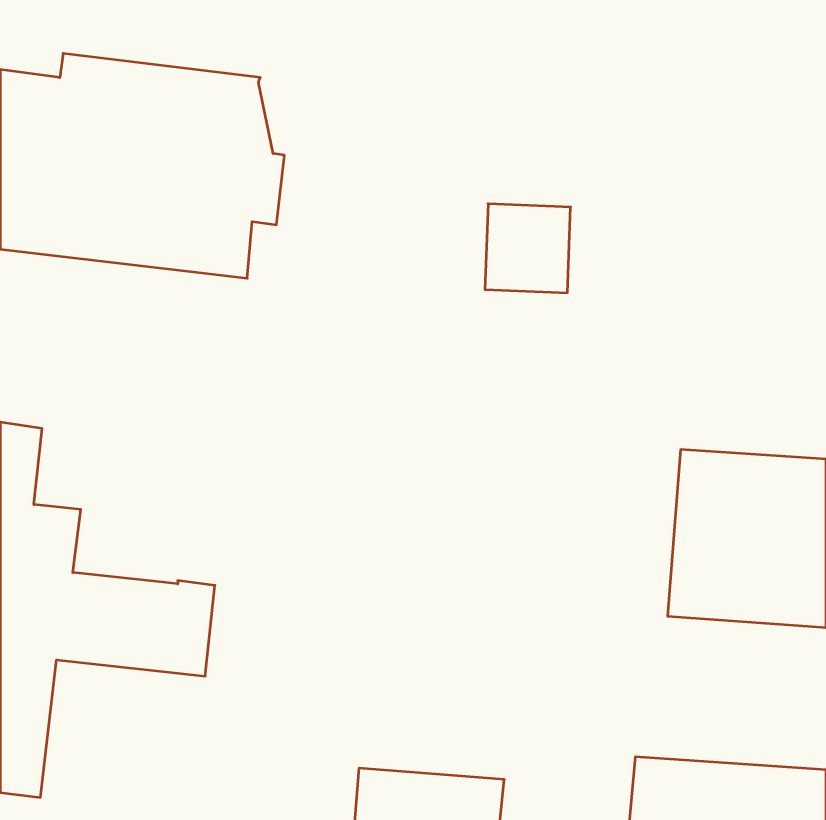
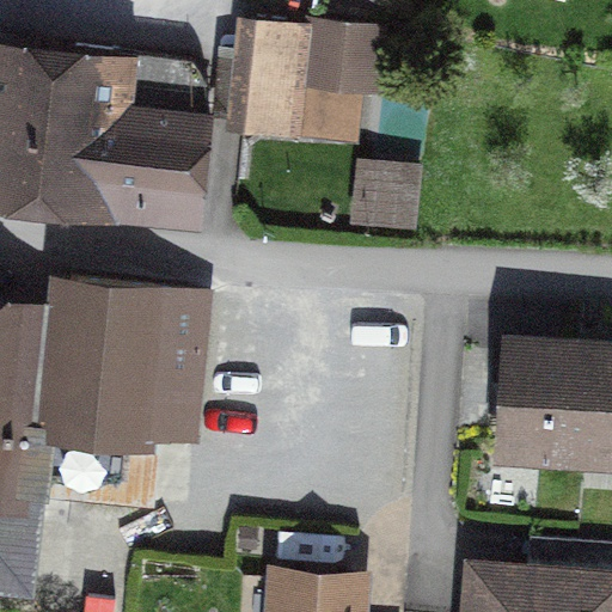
building: none -> [246,22,381,104]
building: none -> [54,279,209,441]

